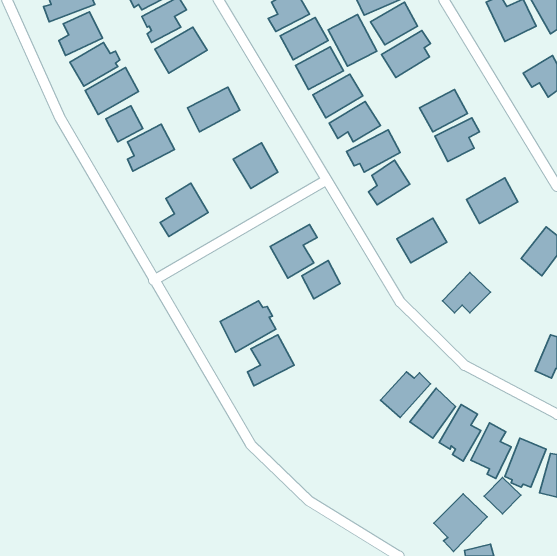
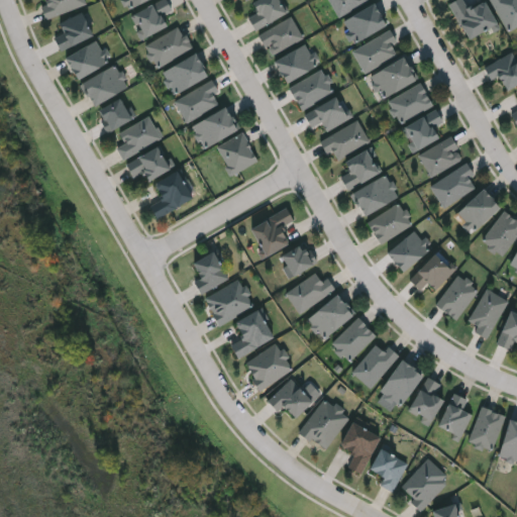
building: [328,15,377,66] -> none
building: none -> [161,53,207,94]
building: none -> [372,57,417,97]
building: none -> [191,106,237,147]
building: none -> [420,136,464,176]
building: none -> [126,145,177,181]
building: none -> [351,173,401,216]
building: none -> [457,189,499,229]
building: none -> [387,229,430,273]
building: none -> [192,251,228,295]
building: none -> [285,273,335,314]
building: none -> [436,273,480,320]
building: none -> [471,288,507,339]
building: none -> [311,297,352,335]
building: none -> [332,317,376,361]
building: none -> [244,342,294,391]
building: none -> [267,378,311,417]
building: none -> [300,397,350,450]
building: none -> [339,422,380,475]
building: [484,477,521,514] -> none
building: none -> [369,447,409,492]

